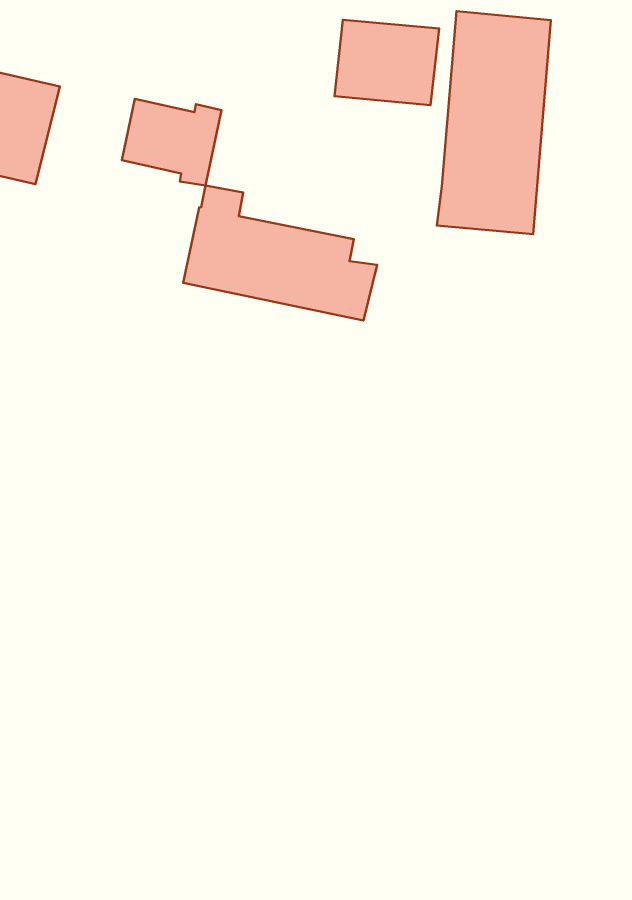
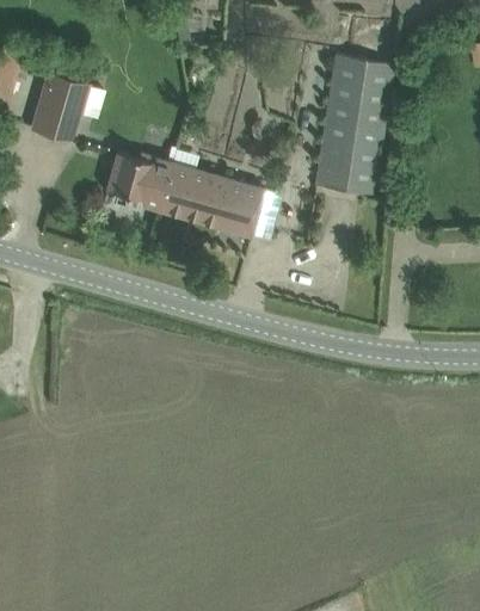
building: [335,20,439,105] -> none
building: [122,99,222,185] -> [106,155,170,211]

